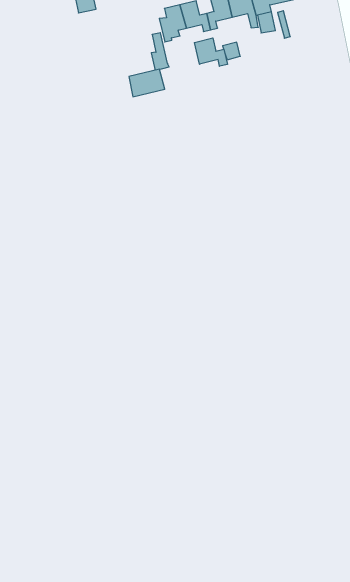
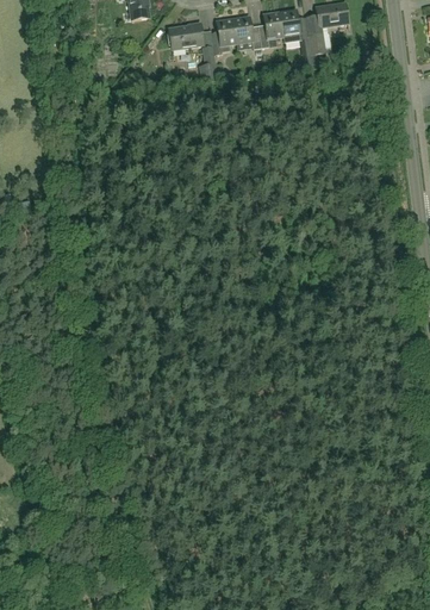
building: [194,38,227,66] -> none
building: [129,69,165,97] -> [168,24,202,49]

